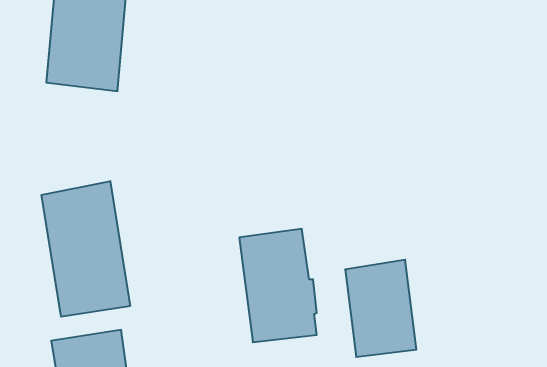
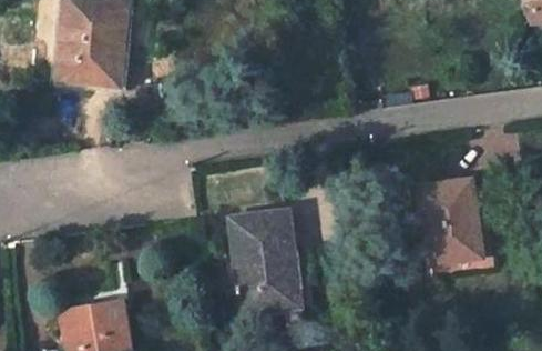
building: [42,181,130,317] -> none
building: [345,260,416,357] -> [419,178,483,265]

